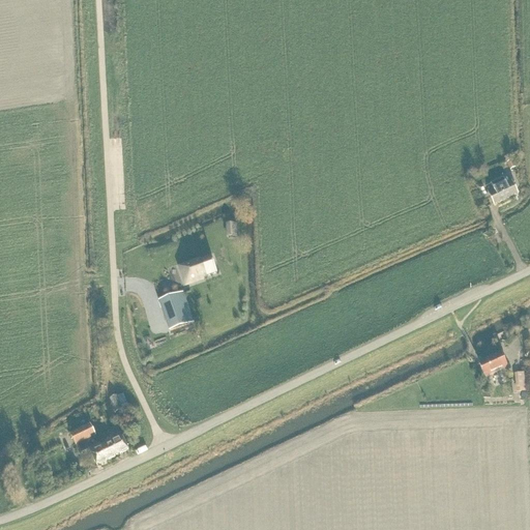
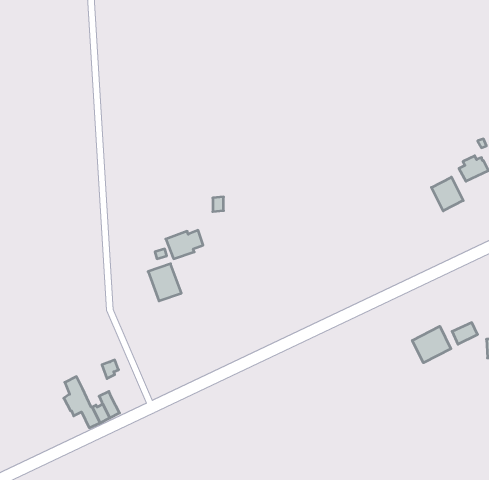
building: none -> [431,177,463,211]
building: none -> [412,326,451,363]

